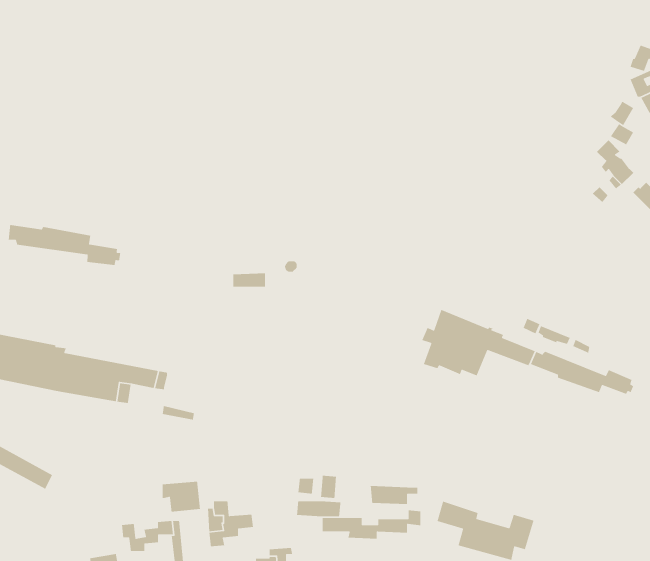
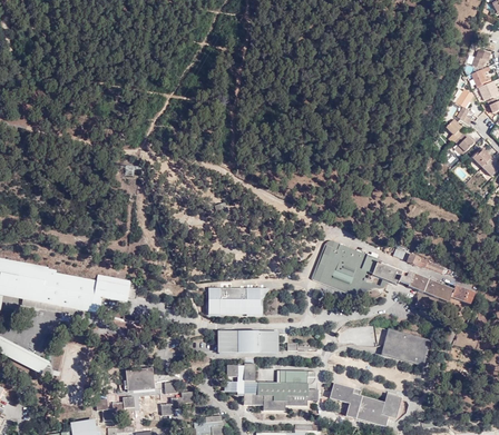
building: [8,224,121,266] -> none
building: none -> [208,287,260,314]
building: none -> [217,330,278,353]
building: none -> [388,330,429,360]
building: none -> [257,384,307,399]

